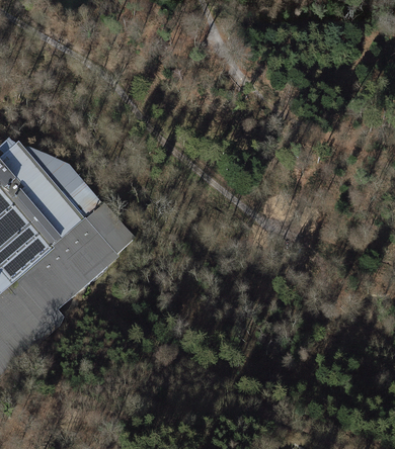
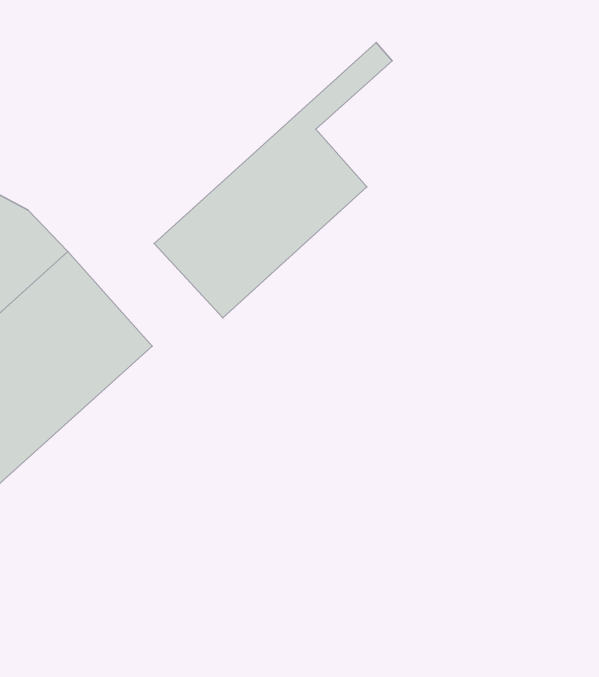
building: none -> [154,42,392,318]

